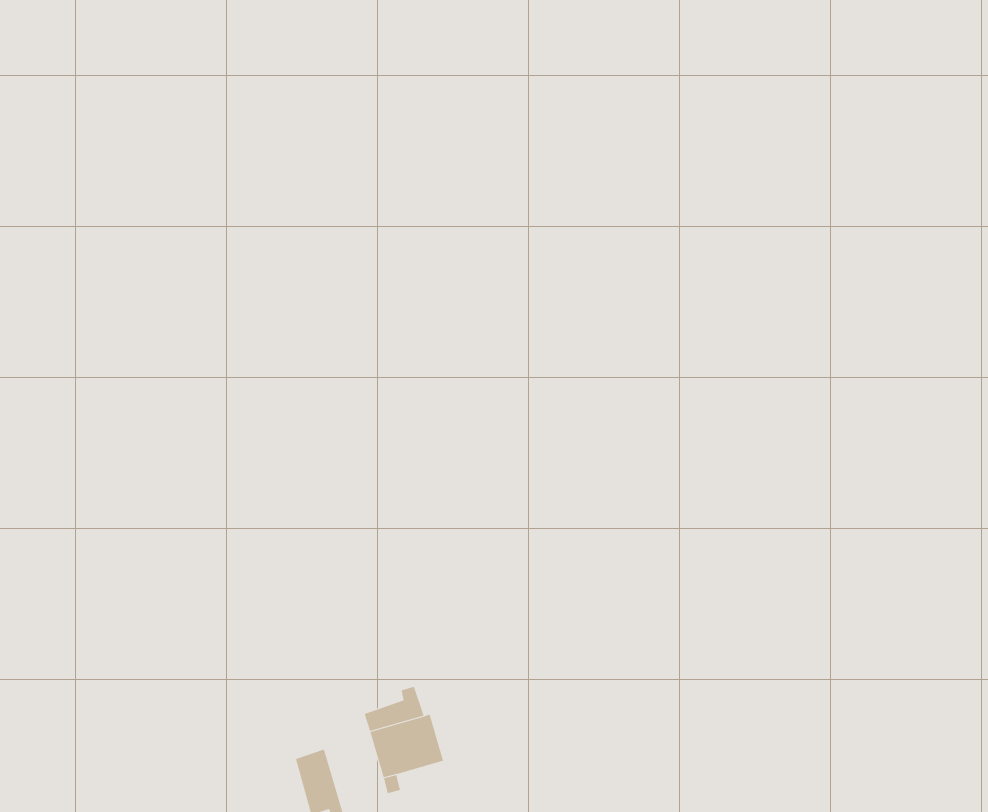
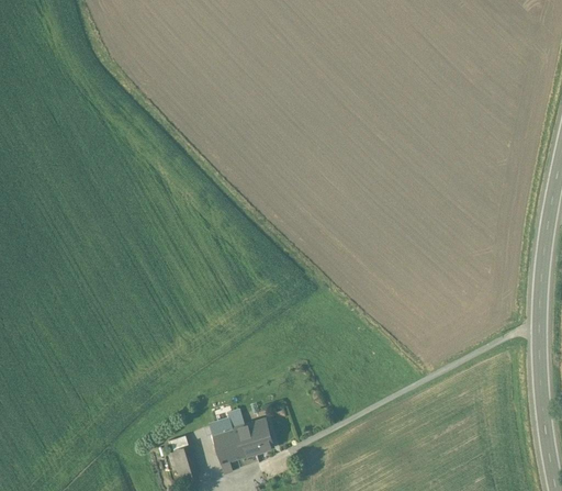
building: none -> [245,421,271,453]

